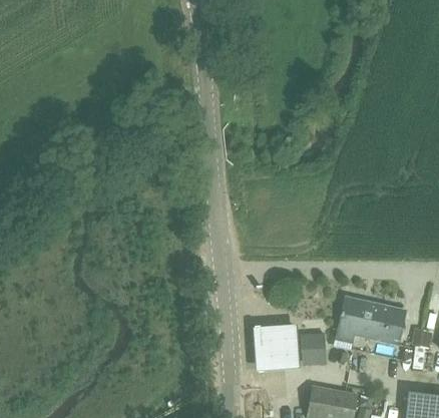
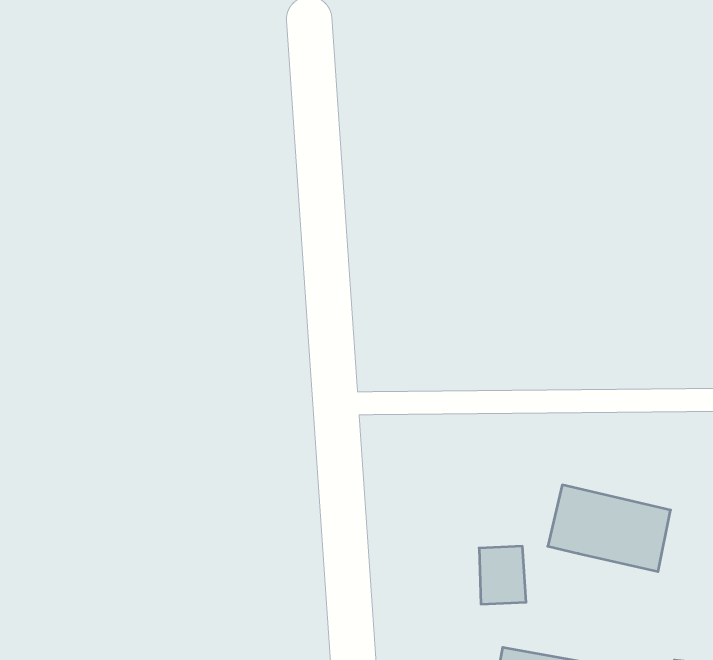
building: [254,323,299,369] -> none

